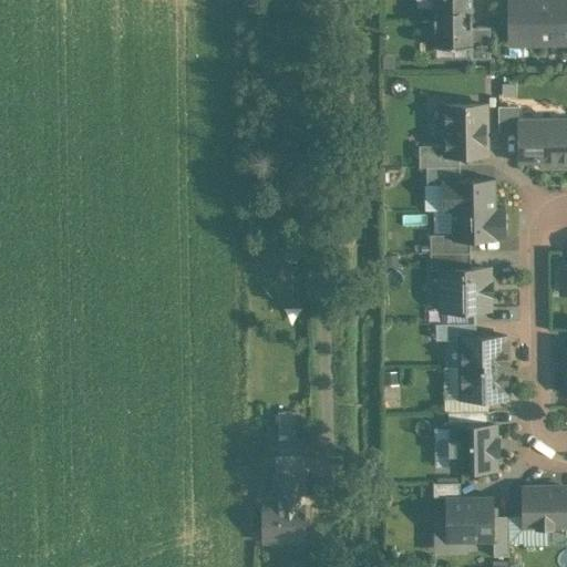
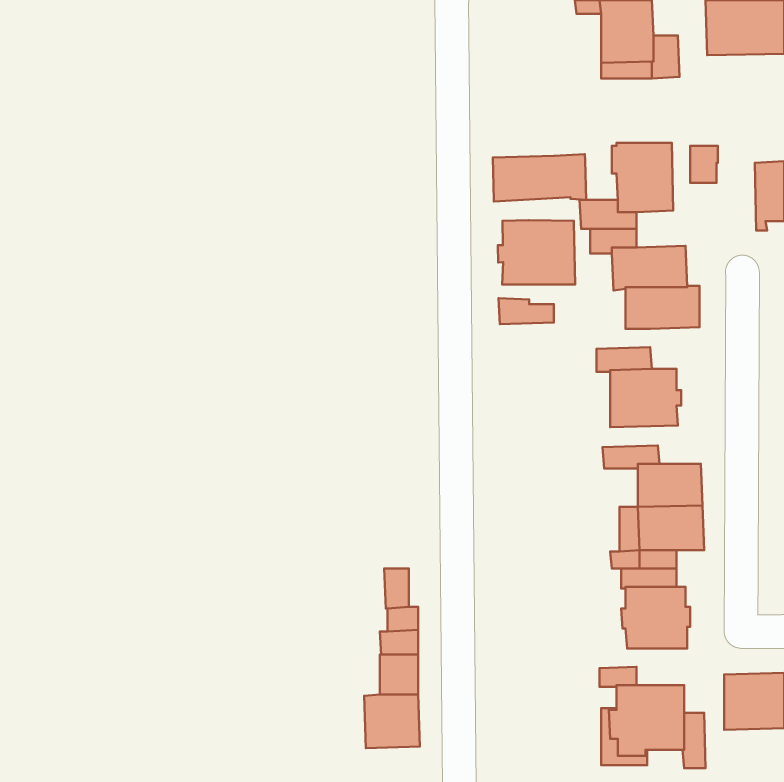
building: none -> [493,154,586,202]
building: [516,120,545,168] -> none
building: none -> [498,220,575,285]
building: [429,235,468,254] -> [498,298,554,324]

